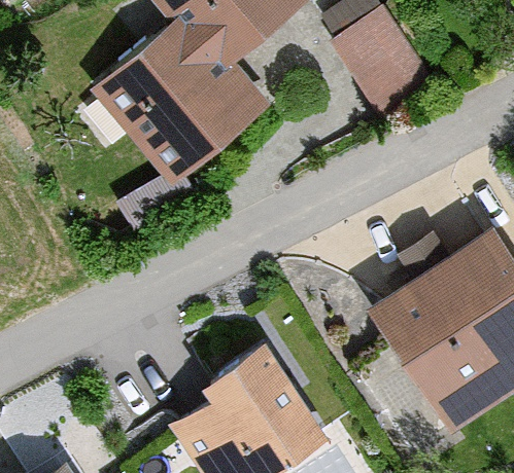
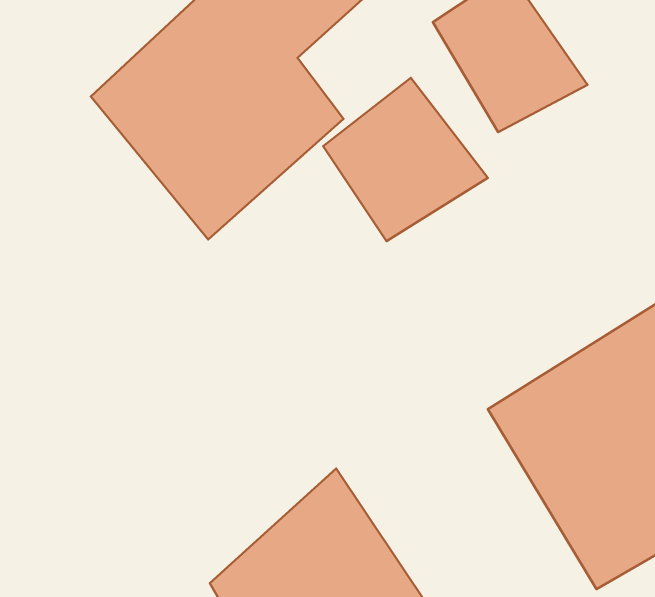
building: none -> [323,78,488,241]

